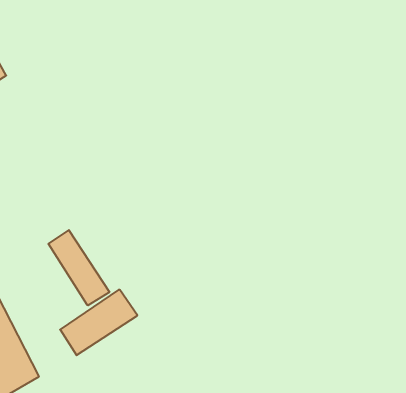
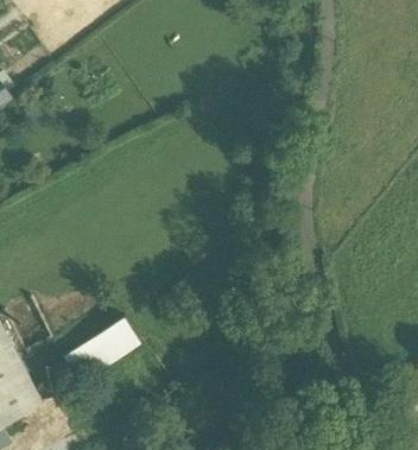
building: [48,230,109,305] -> none

